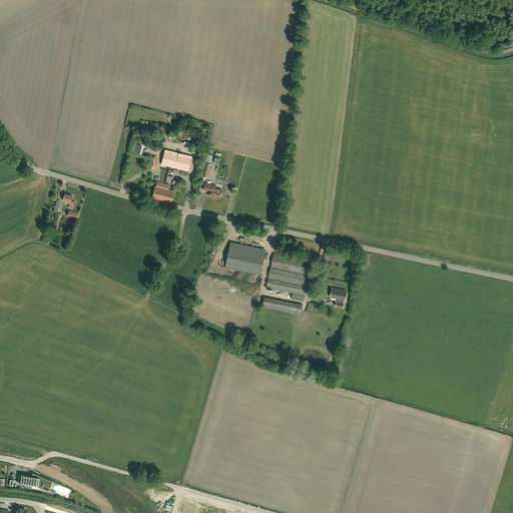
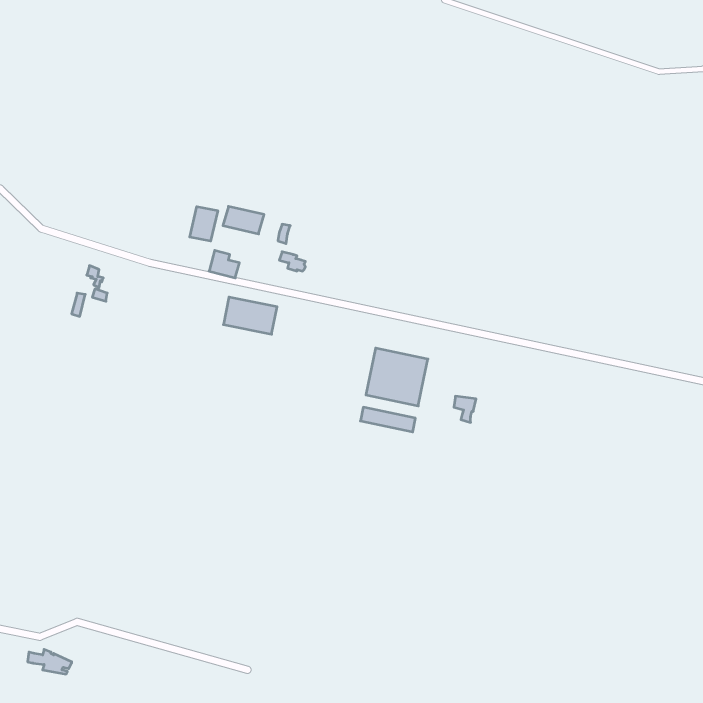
building: none -> [190,207,218,241]
building: [225,247,265,275] -> [223,297,277,334]

